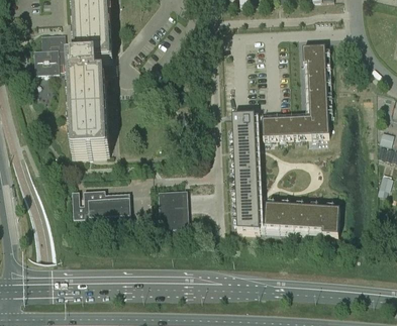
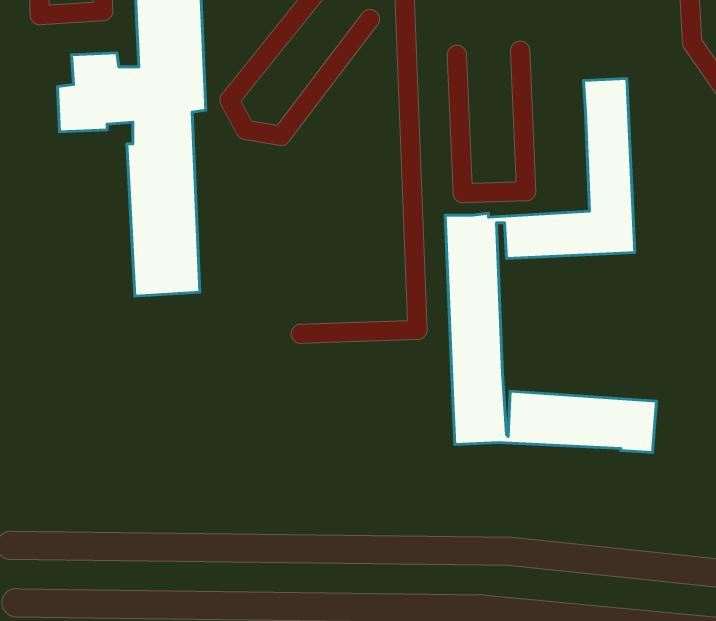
building: [72,189,130,221] -> none
building: [158,190,188,228] -> none

